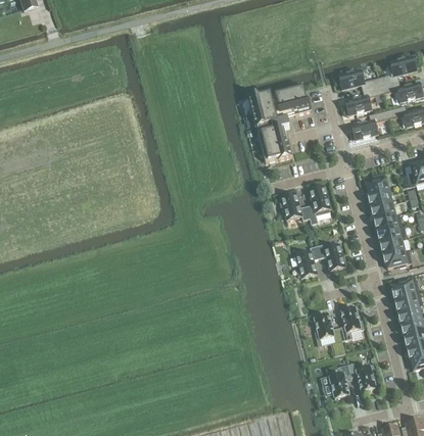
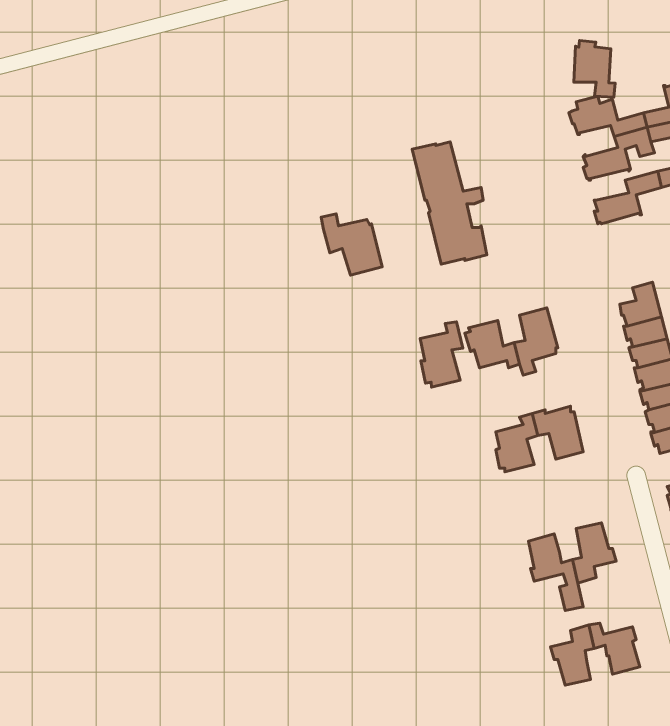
building: none -> [574,40,615,97]
building: [274,84,310,113] -> none
building: none -> [321,214,382,275]
building: none -> [420,322,463,387]

